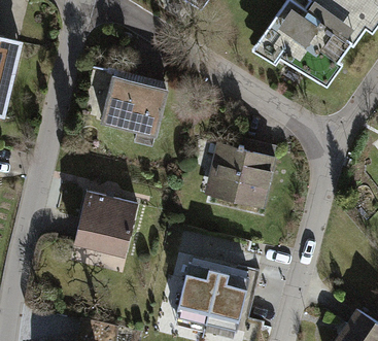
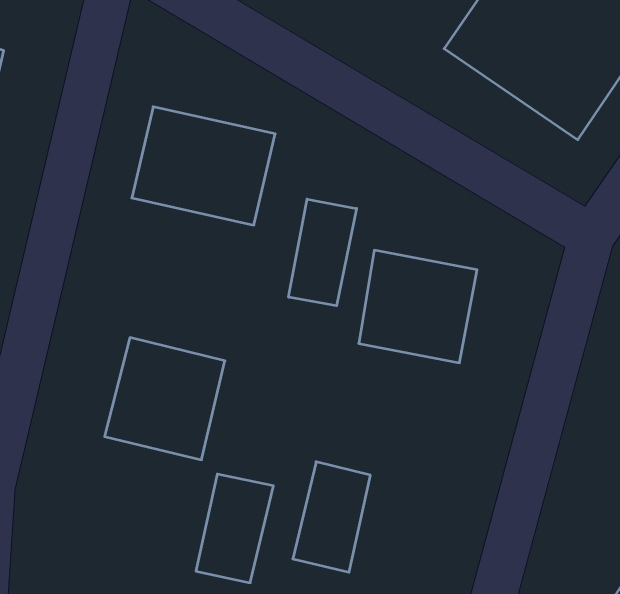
building: none -> [289,199,357,306]
building: [203,266,244,323] -> [196,474,273,583]

